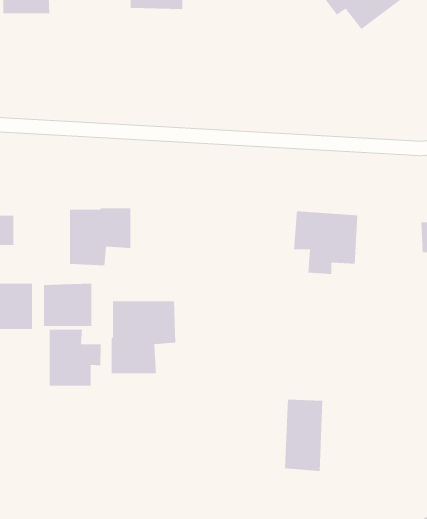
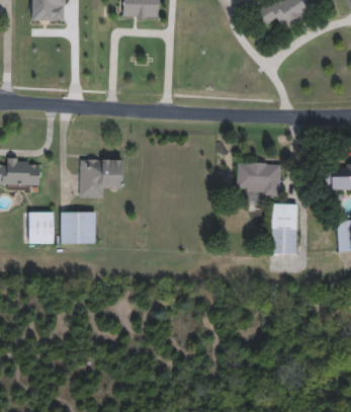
building: [111,301,176,374] -> none
building: [49,329,101,387] -> none
building: [284,399,323,471] -> [270,203,297,254]

